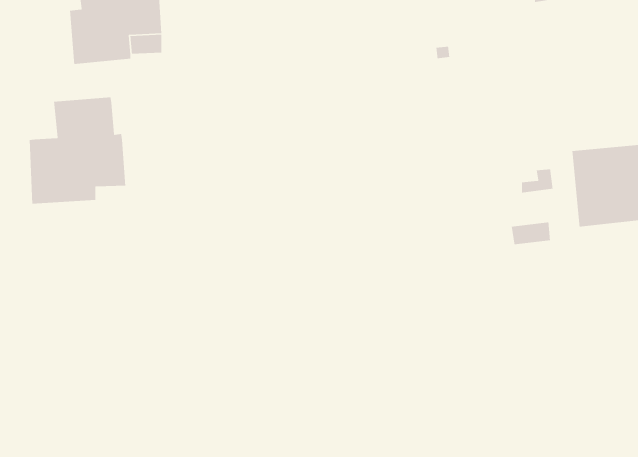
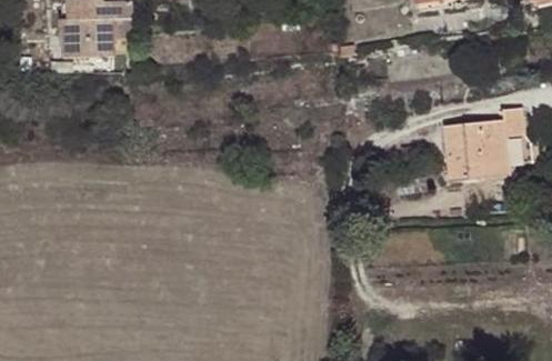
building: [29,96,126,204] -> none

